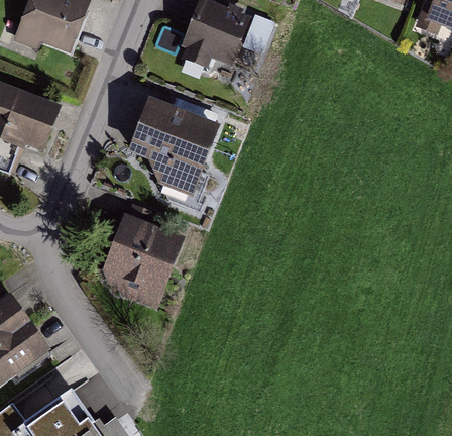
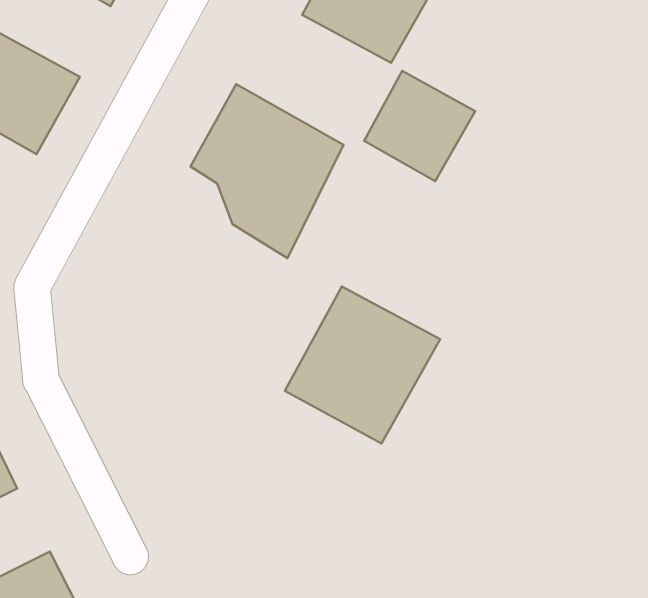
building: none -> [364,71,475,181]
building: [96,213,185,304] -> [285,286,440,443]

